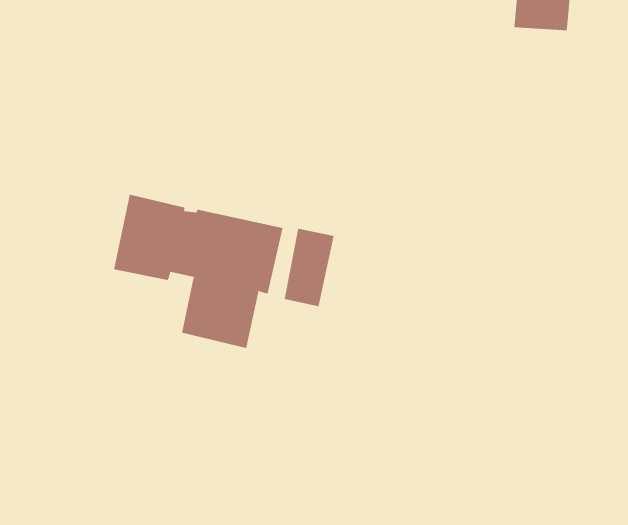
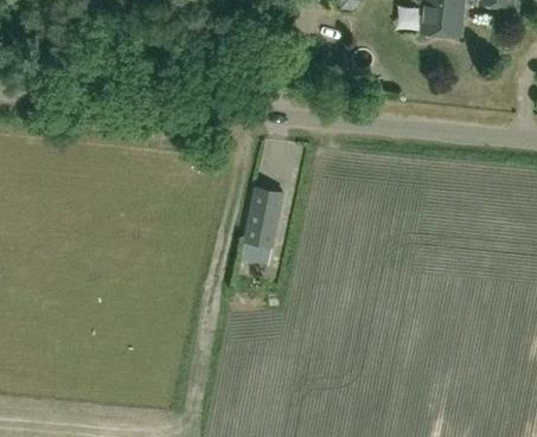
building: [113,194,283,349] -> none

